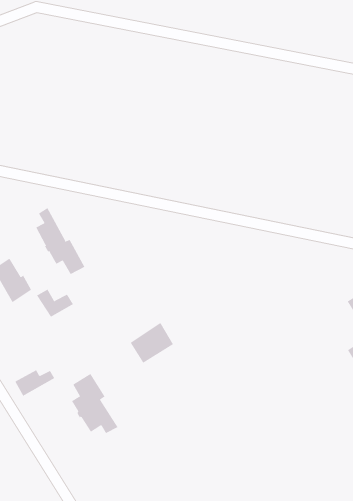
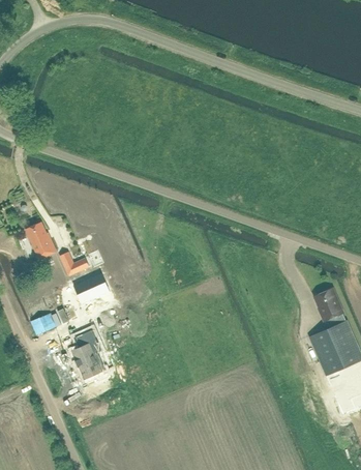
building: [35,207,85,275] -> none
building: [130,322,174,363] -> [73,273,110,305]

